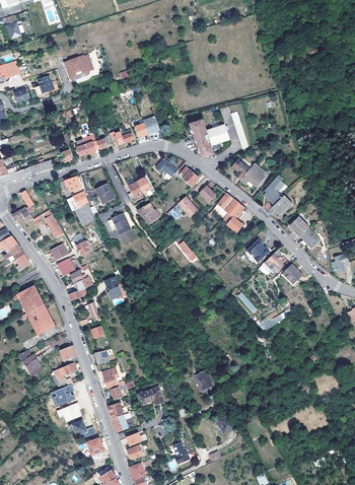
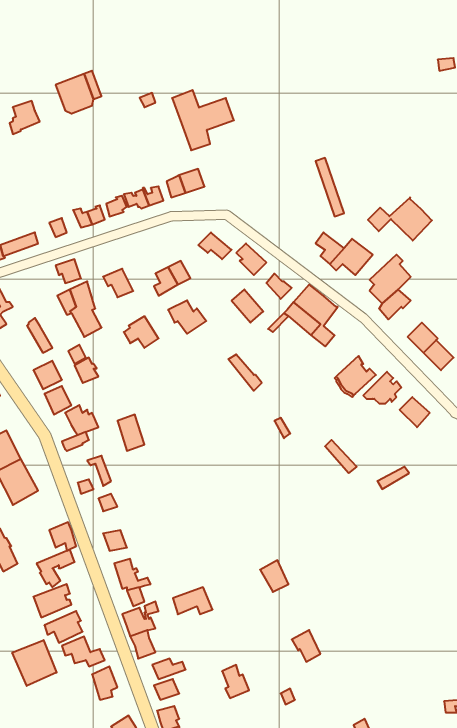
building: [189,120,228,158] -> [172,90,234,150]
building: none -> [368,197,432,241]
building: none -> [12,640,57,686]

